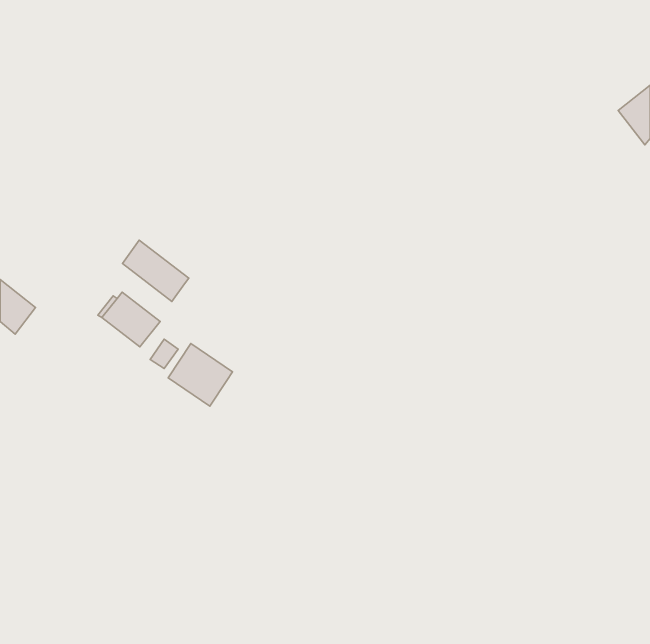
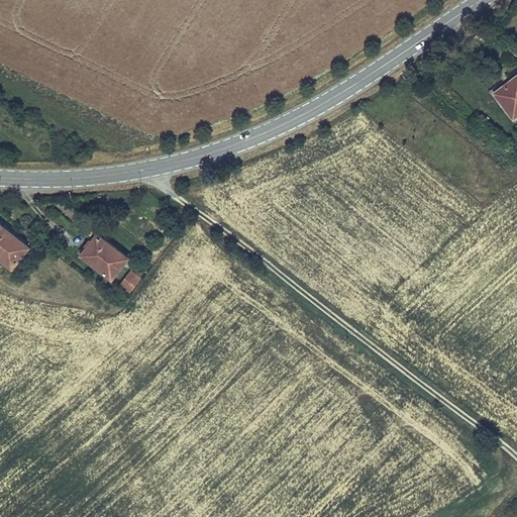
building: [122,240,189,301] -> none
building: [168,343,232,406] -> none

